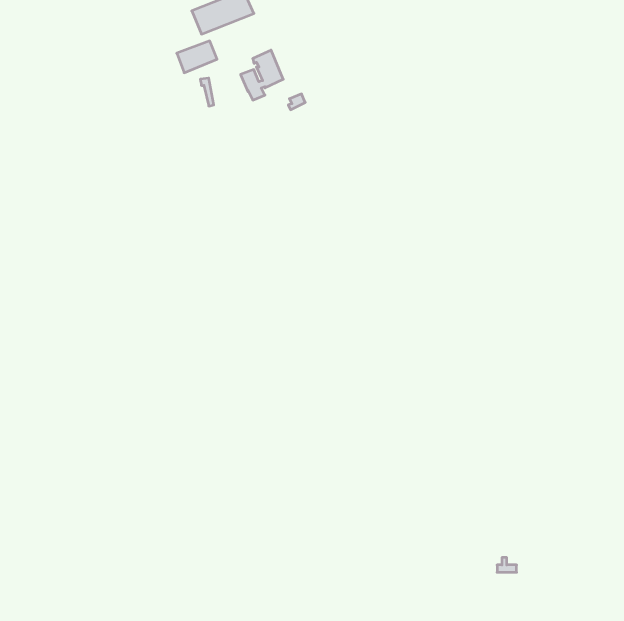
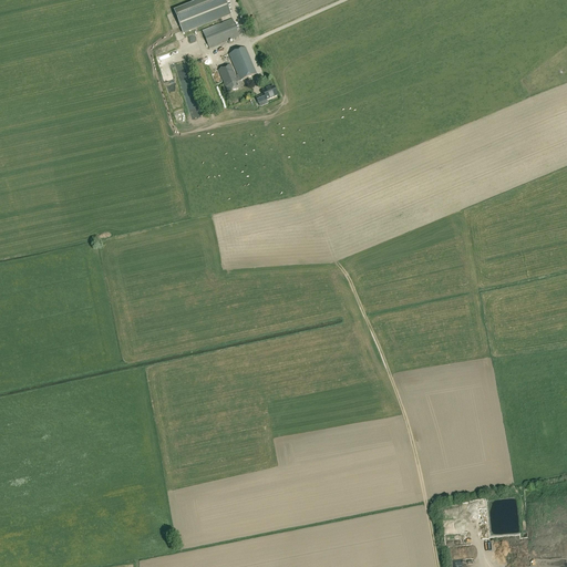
building: [177,41,217,73] -> [203,18,239,47]

